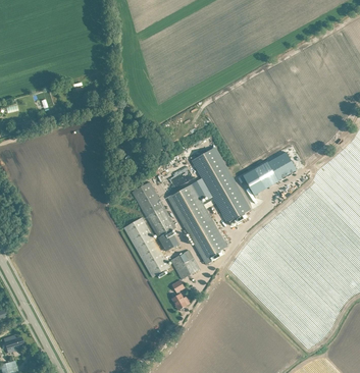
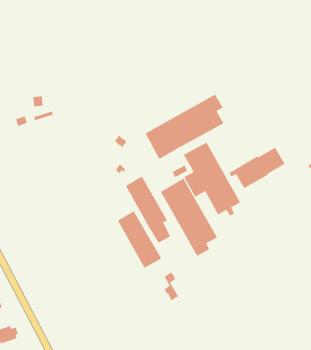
building: none -> [145,94,224,160]
building: [170,250,199,279] -> none

